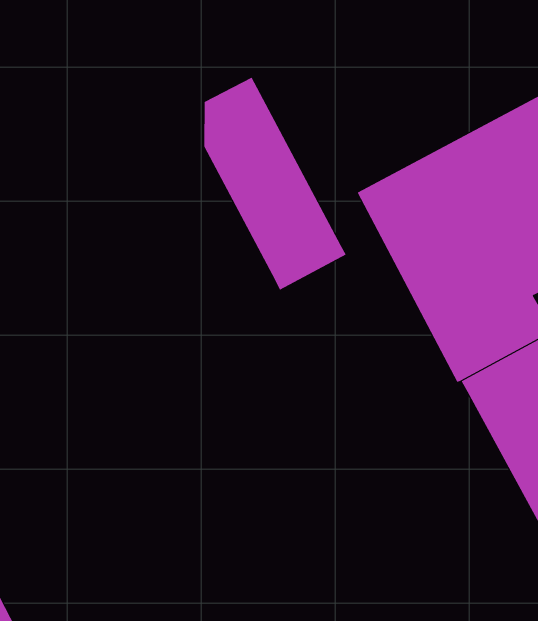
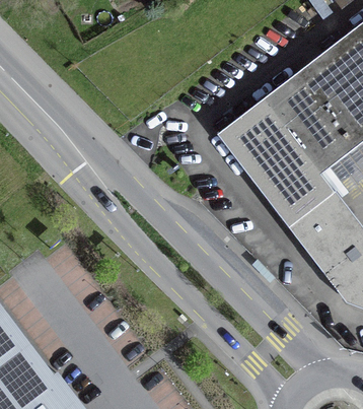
building: [204,77,346,290] -> none

